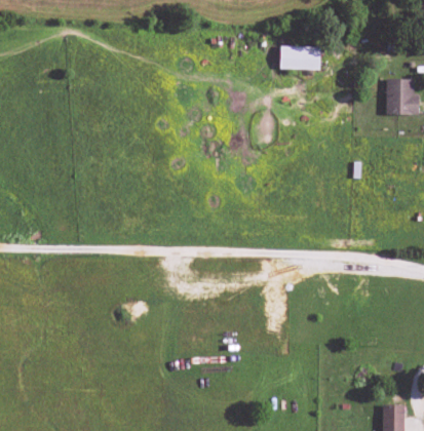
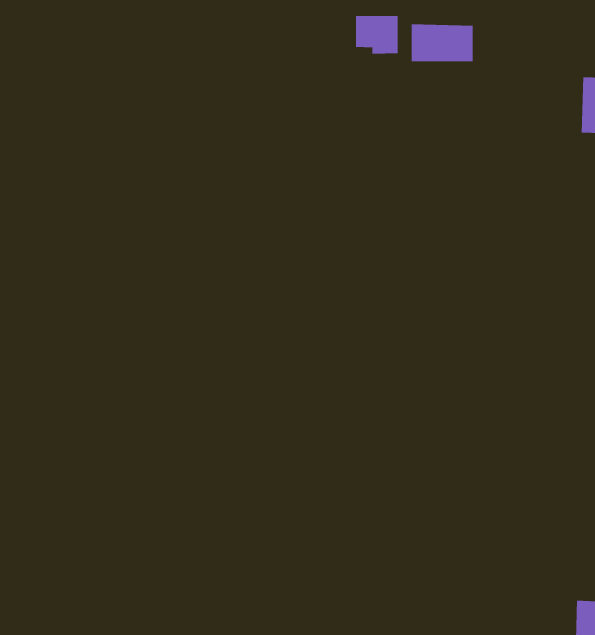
building: none -> [355,15,398,54]

